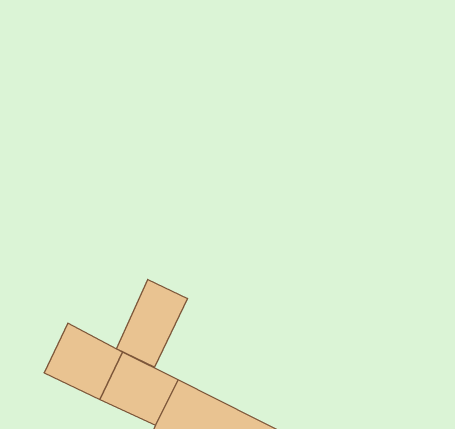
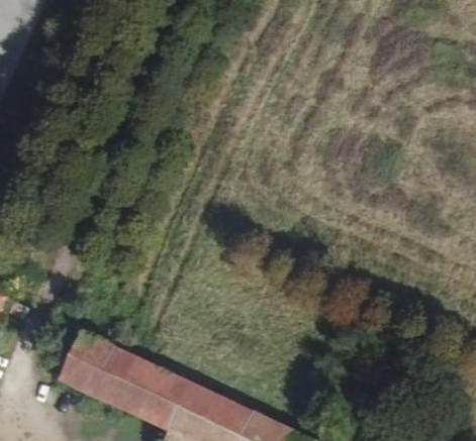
building: [116,279,187,367] -> none

